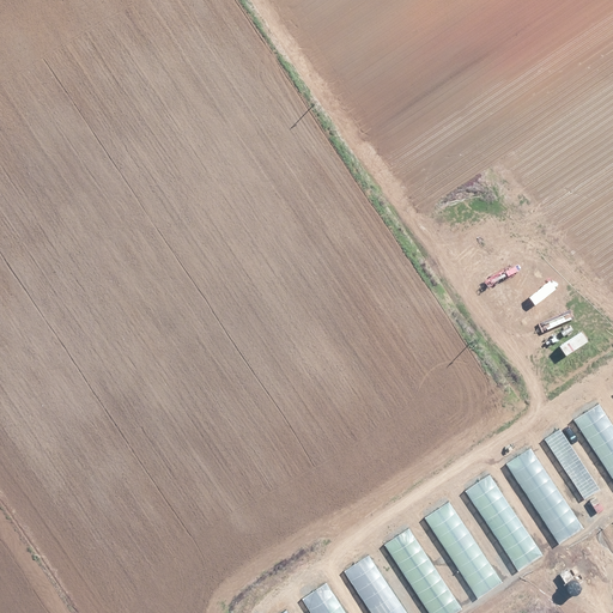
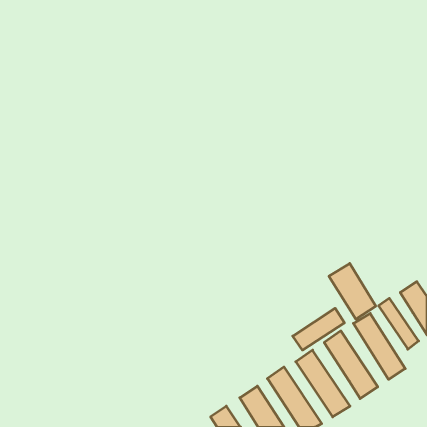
building: none -> [329,263,376,319]
building: none -> [293,308,344,350]

